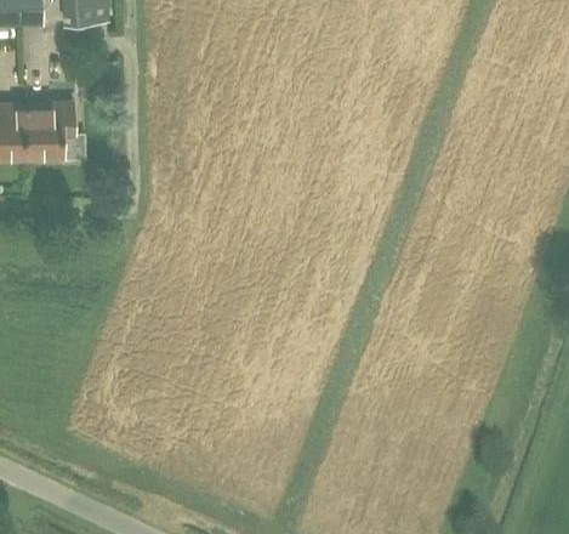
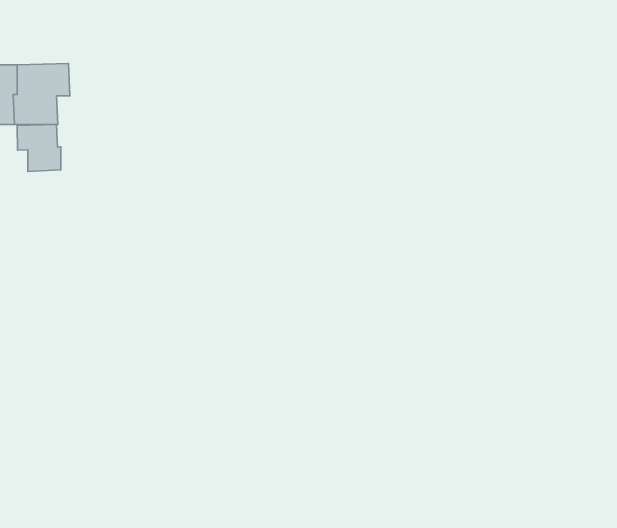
building: none -> [17,124,61,171]

